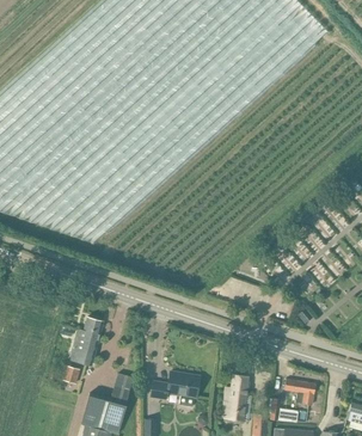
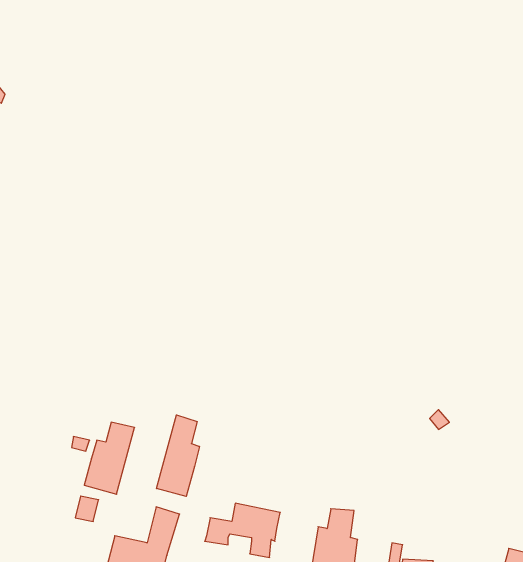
building: none -> [157,415,199,496]
building: [283,377,315,404] -> none

